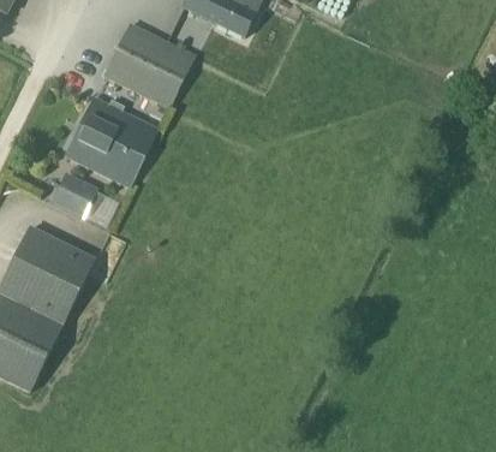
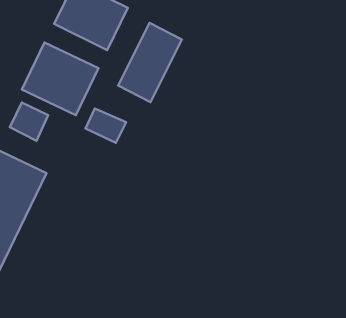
building: none -> [118,23,182,102]
building: none -> [86,108,126,143]

